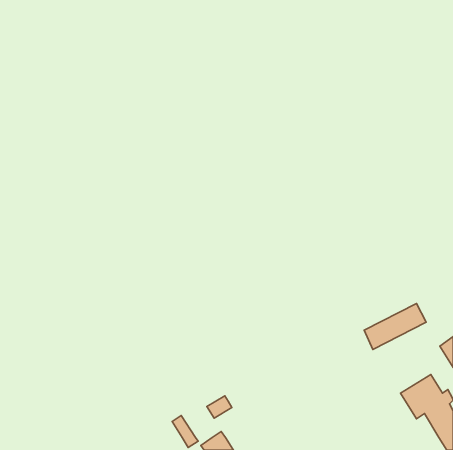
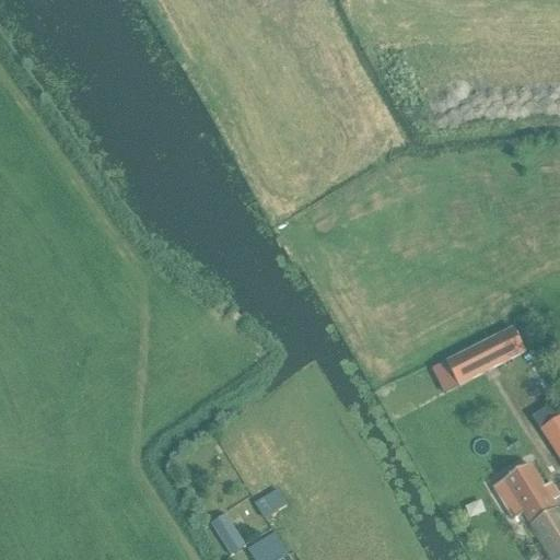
building: [364,303,426,350] -> [447,327,524,384]

